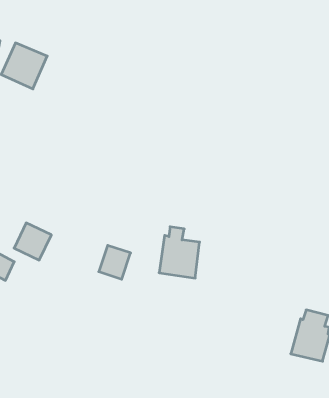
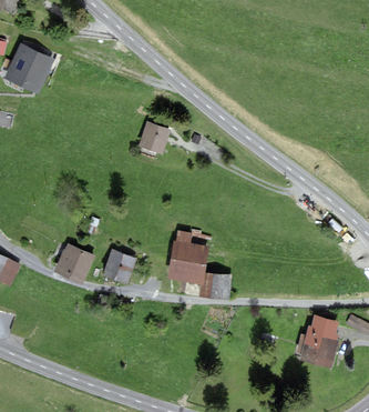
building: none -> [139,123,170,154]
building: [14,223,51,260] -> [55,243,93,281]
building: none -> [203,274,230,299]

